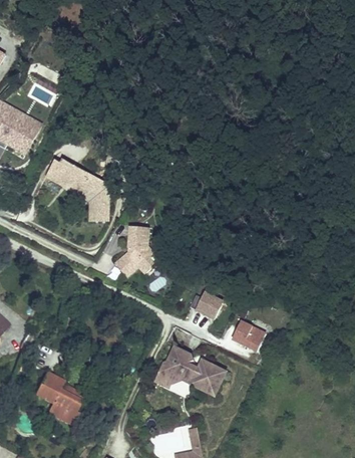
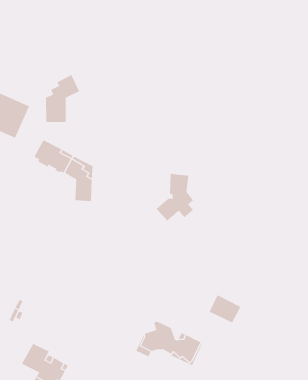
building: none -> [46,74,80,123]
building: [114,226,154,276] -> [156,174,194,221]
building: [190,293,223,318] -> none

